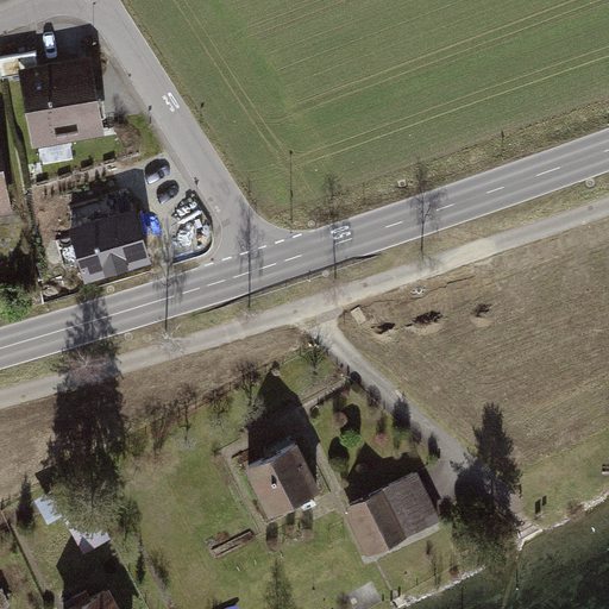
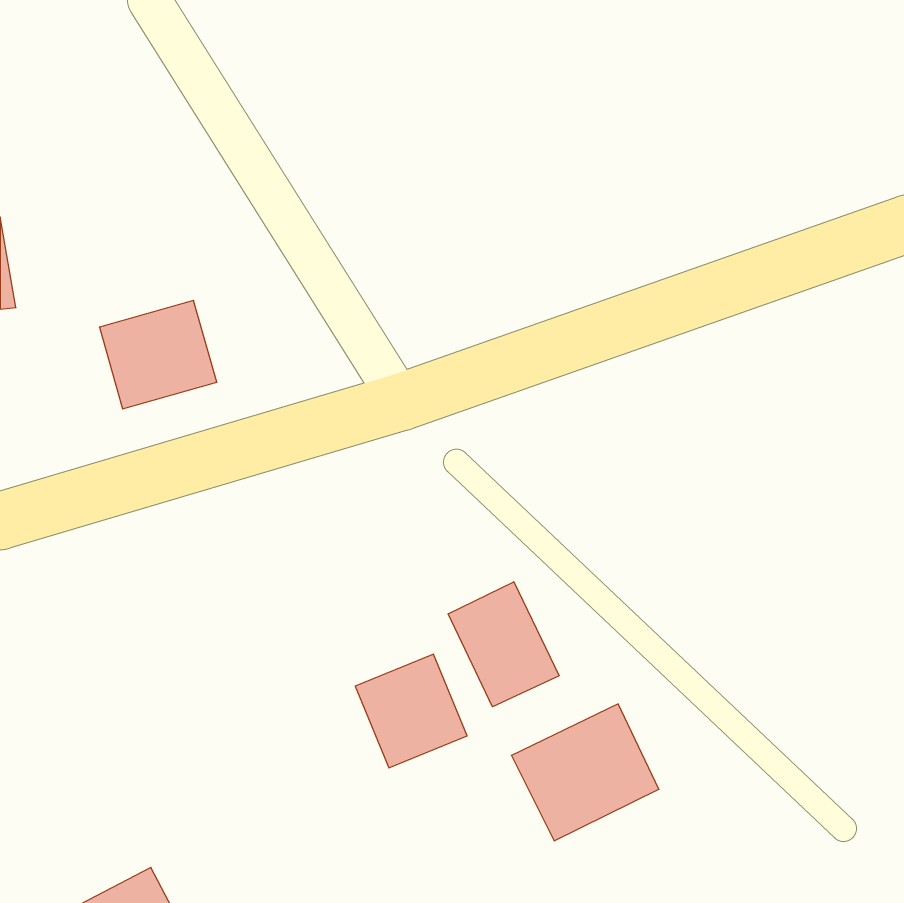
building: [21,61,101,149] -> none
building: none -> [448,582,559,707]

